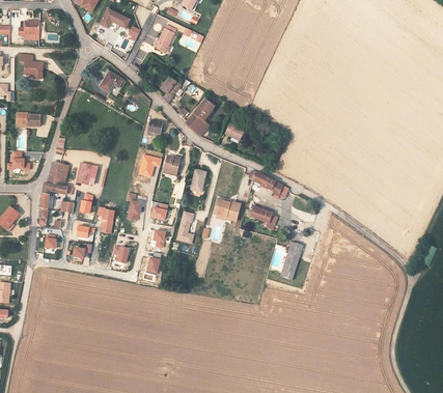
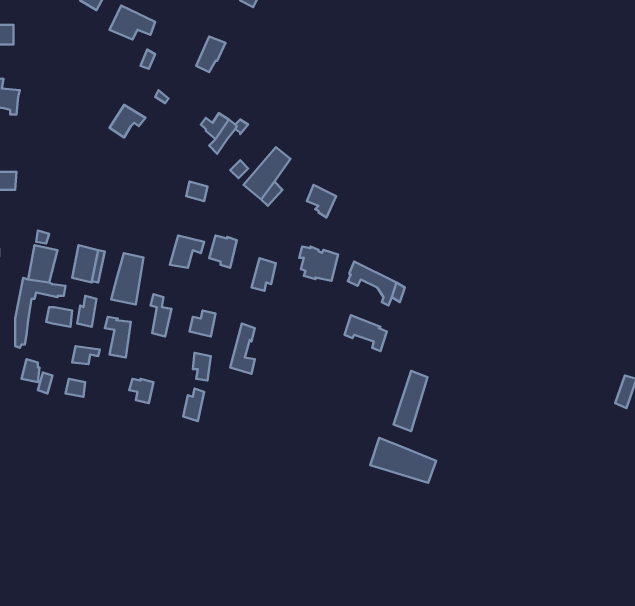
building: none -> [111,253,143,304]
building: [215,198,240,220] -> [299,246,338,281]
building: none -> [370,438,436,483]

